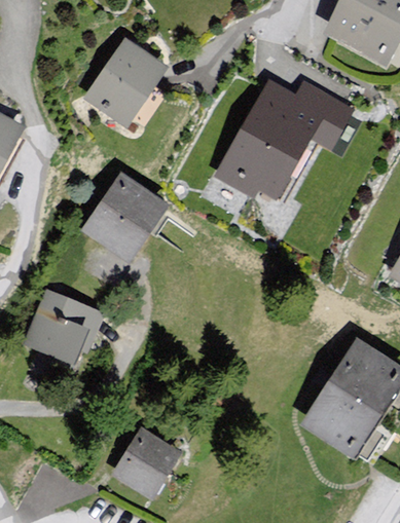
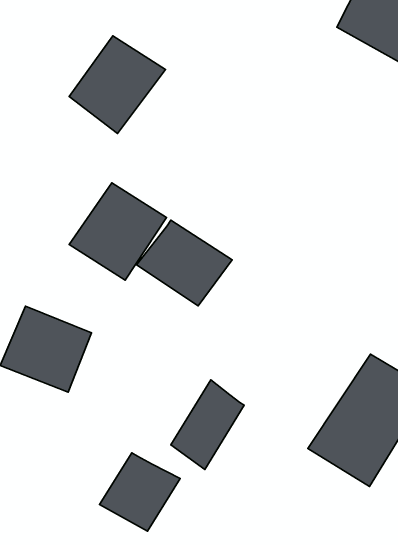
building: [217,81,357,202] -> none
building: none -> [136,220,232,306]
building: none -> [171,380,244,469]

